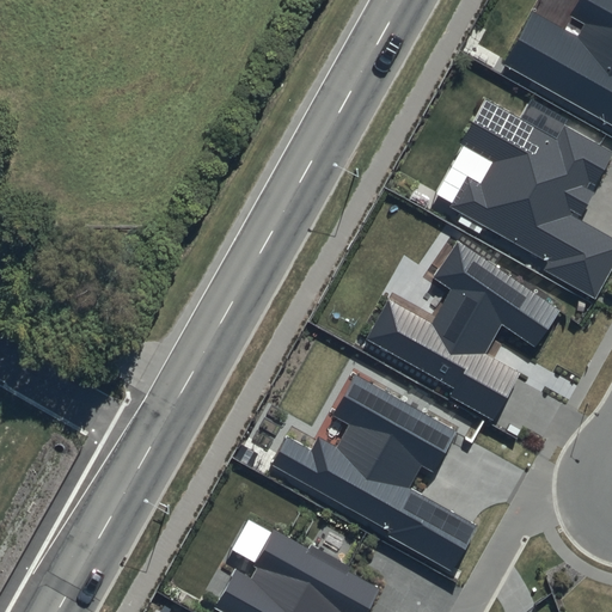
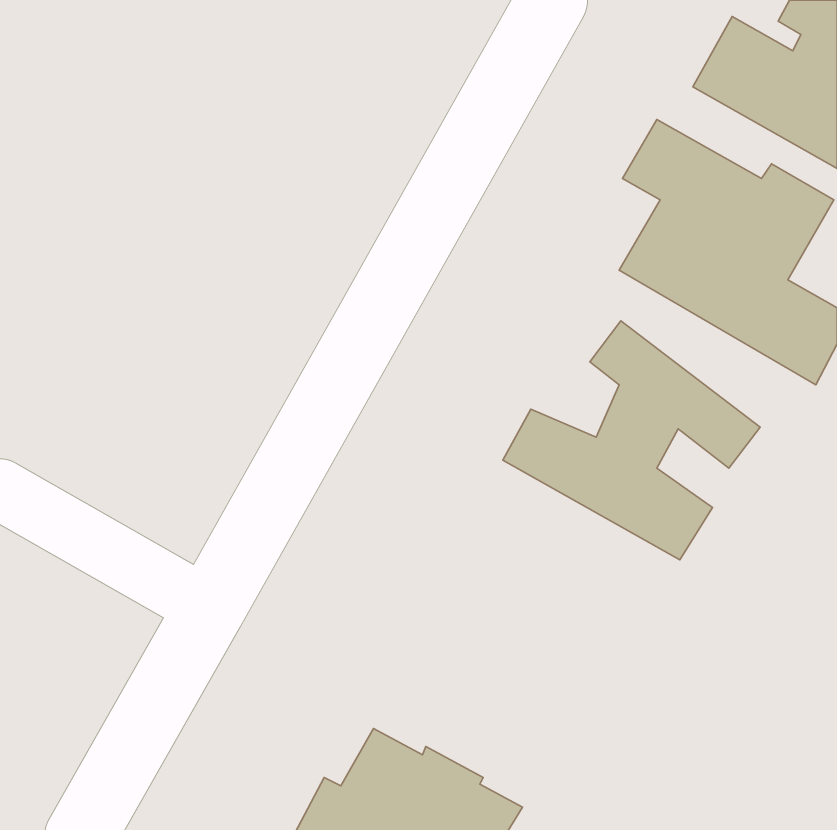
building: [261,354,488,574] -> none

